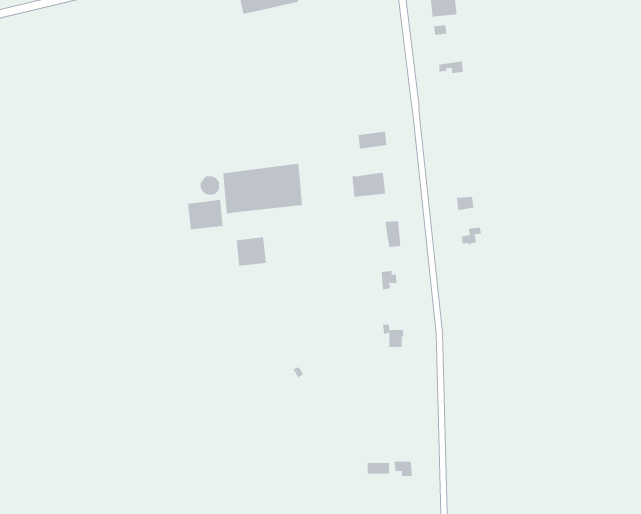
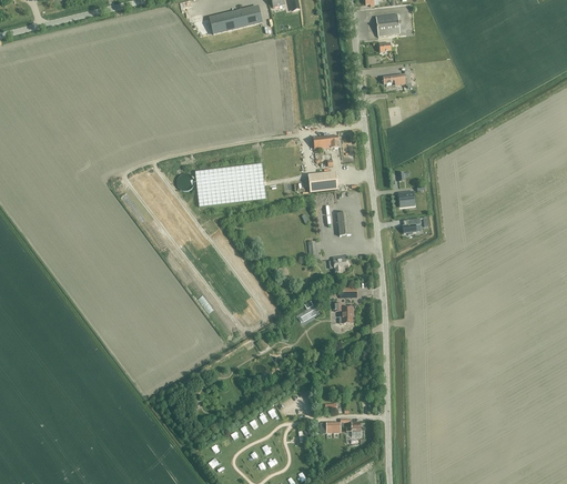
building: [188,199,223,230] -> none
building: [236,237,266,267] -> none

